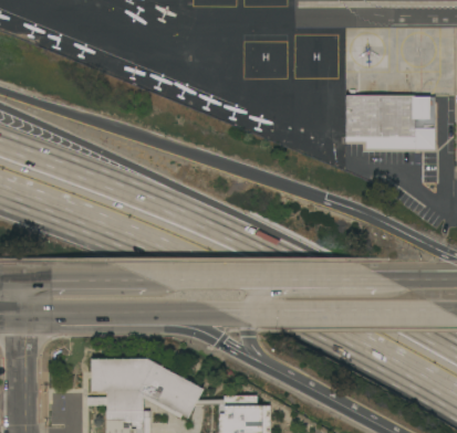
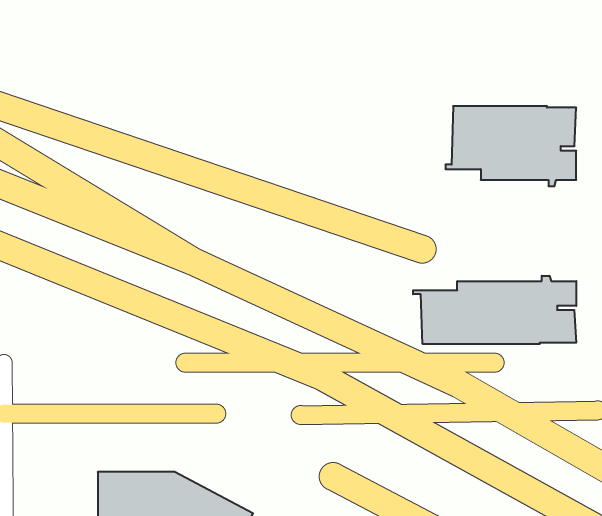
building: none -> [413,276,576,344]

